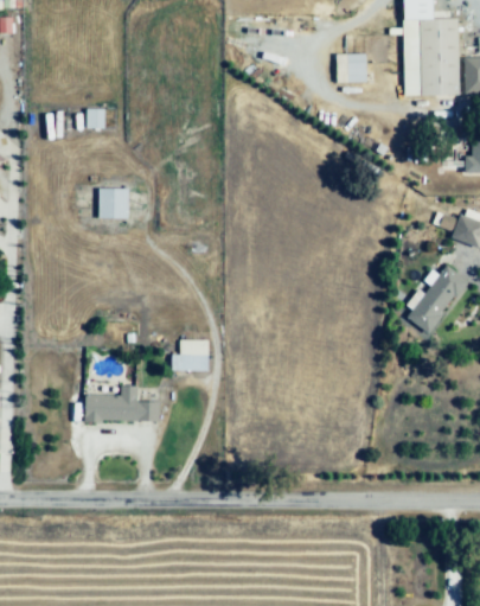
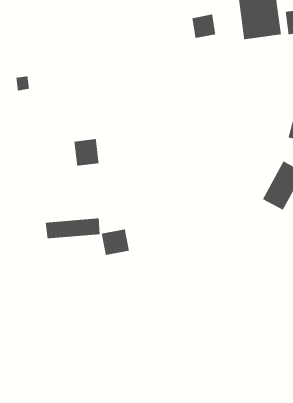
building: [96,184,128,219] -> [74,138,100,167]
building: [84,394,160,420] -> [45,218,101,239]

